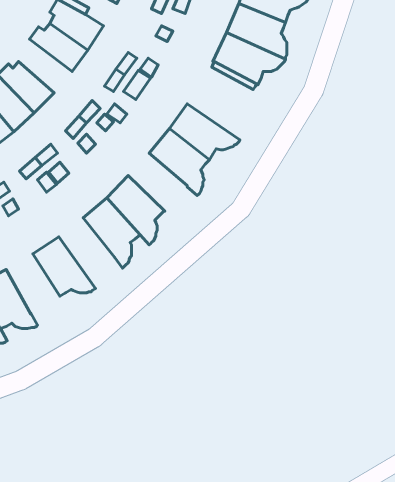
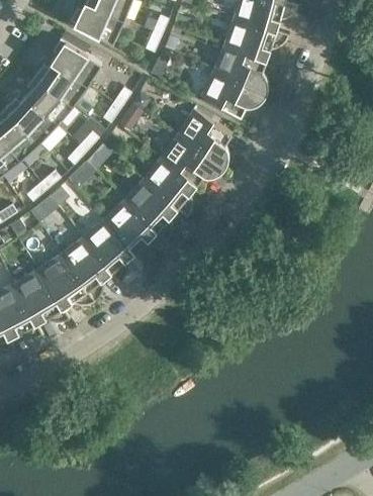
building: none -> [24,75,73,123]
building: none -> [177,109,231,166]
building: none -> [123,178,177,239]
building: none -> [61,236,111,300]
building: none -> [13,269,69,323]

